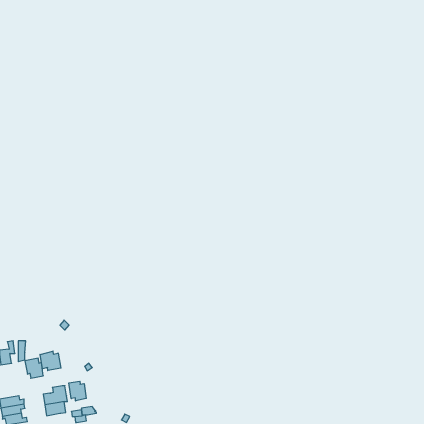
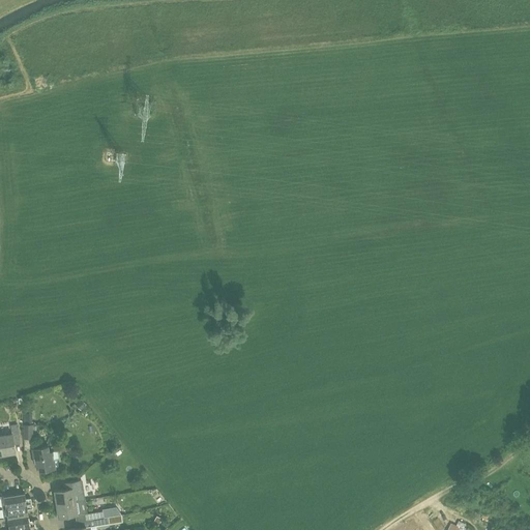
building: [40,351,61,371] -> none
building: [69,381,86,401] -> none

